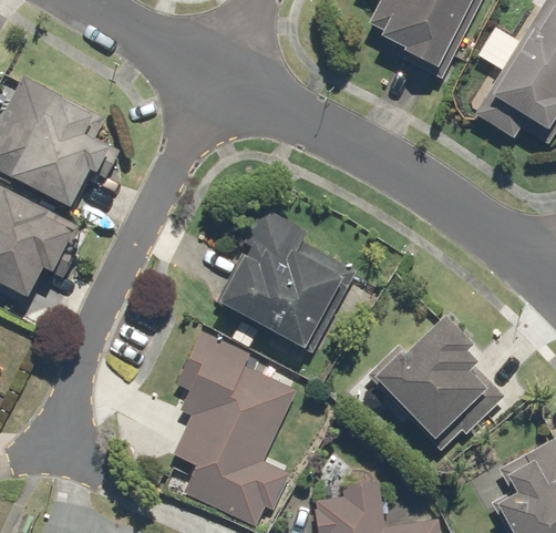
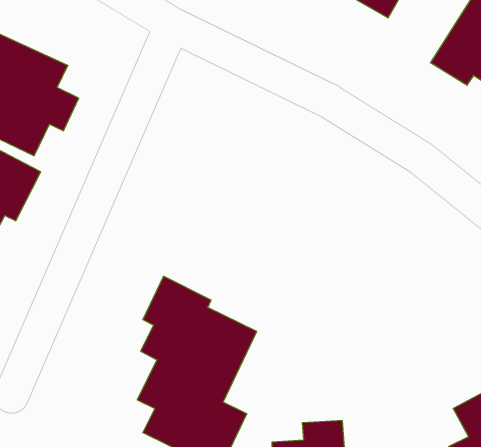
building: [218,211,349,349] -> none
building: [369,312,486,440] -> none

